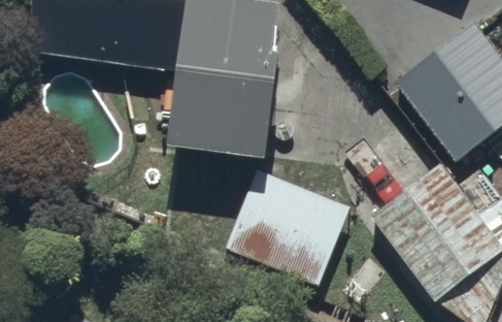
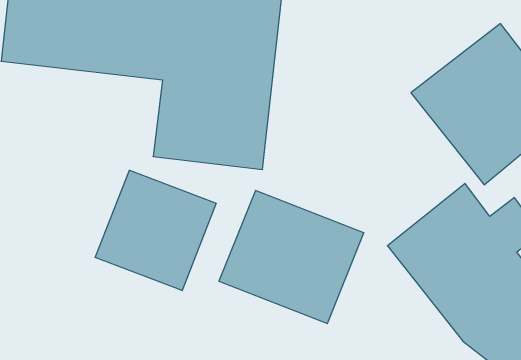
building: none -> [95,170,216,291]

